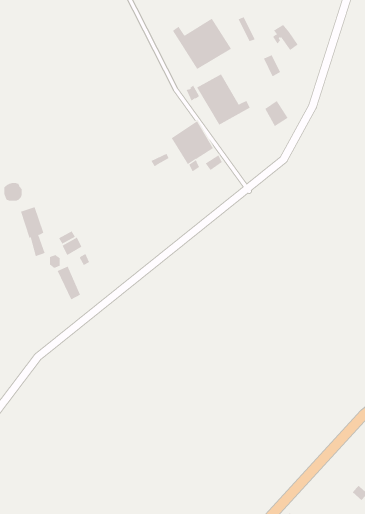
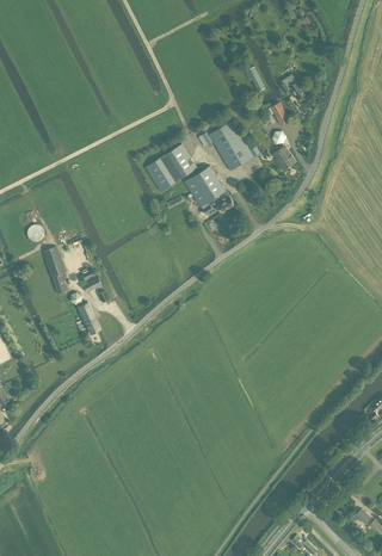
building: [172,18,232,70] -> none
building: none -> [144,143,196,191]

